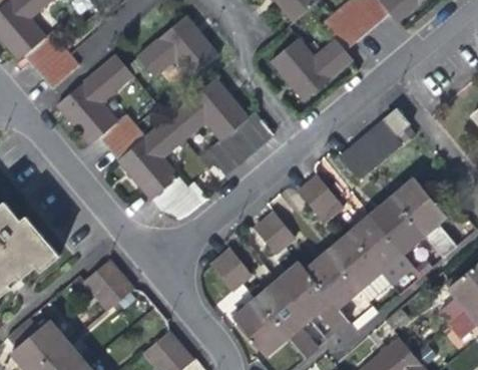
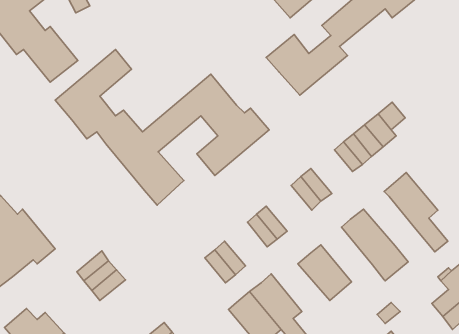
building: [139,15,219,78] -> none
building: [369,197,422,252] -> none
building: [326,233,390,303] -> none
building: [276,262,348,333] -> none

